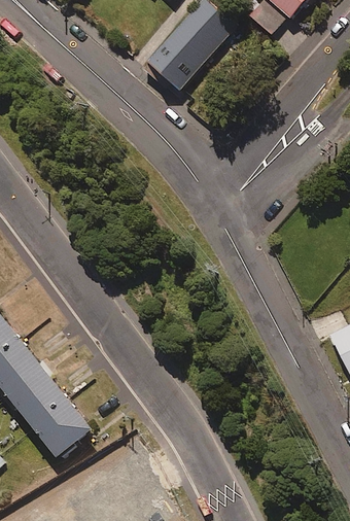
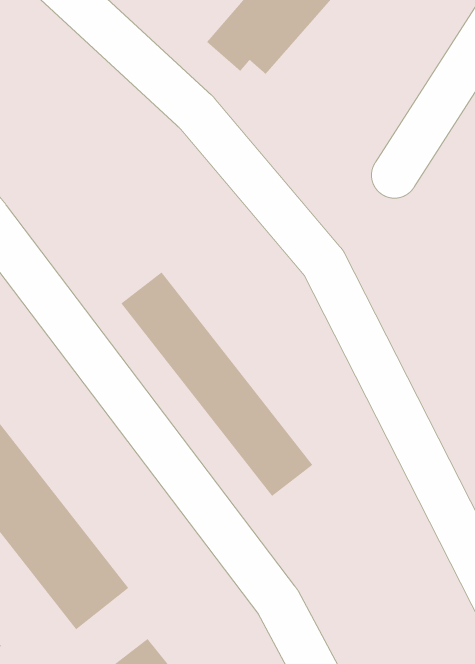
building: none -> [121,272,313,497]

